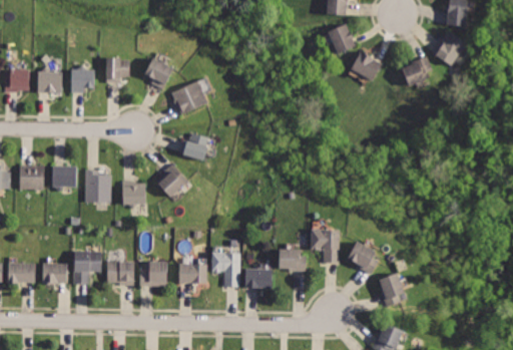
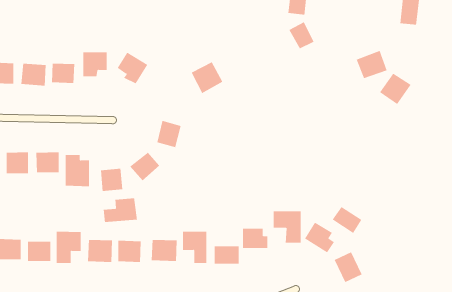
building: [433,33,468,68] -> [379,73,411,105]
building: [351,52,383,81] -> none
building: [173,81,208,116] -> [191,61,223,94]
building: none -> [103,198,137,223]
building: none -> [332,206,362,234]

